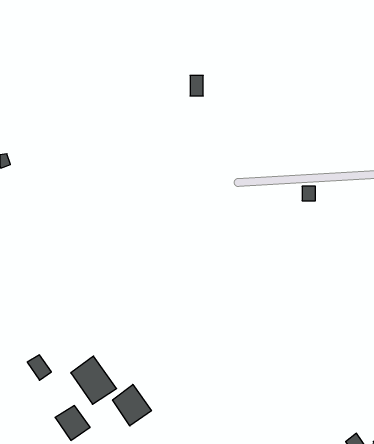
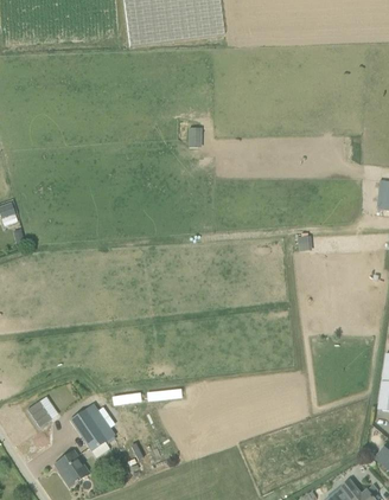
building: [113,384,151,426] -> none

